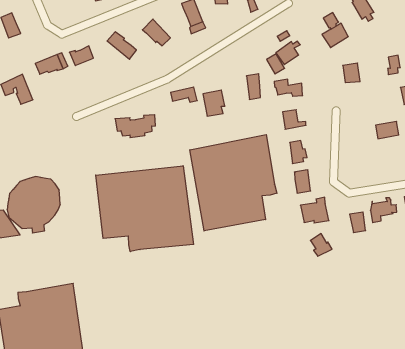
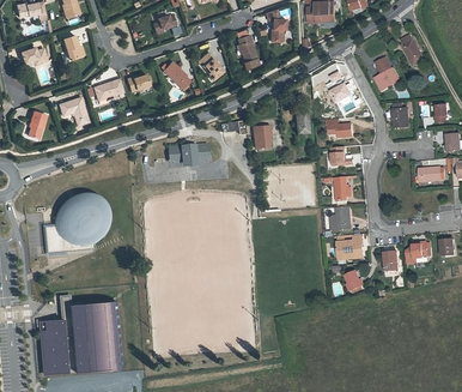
building: [190,135,277,231] -> none
building: [96,166,194,252] -> none

